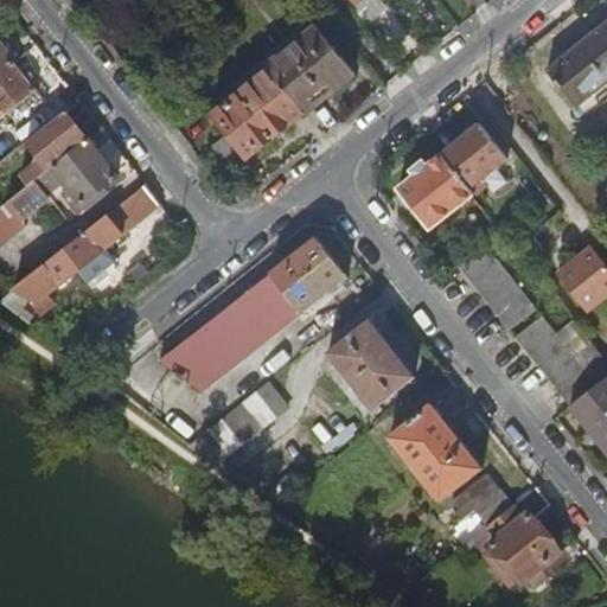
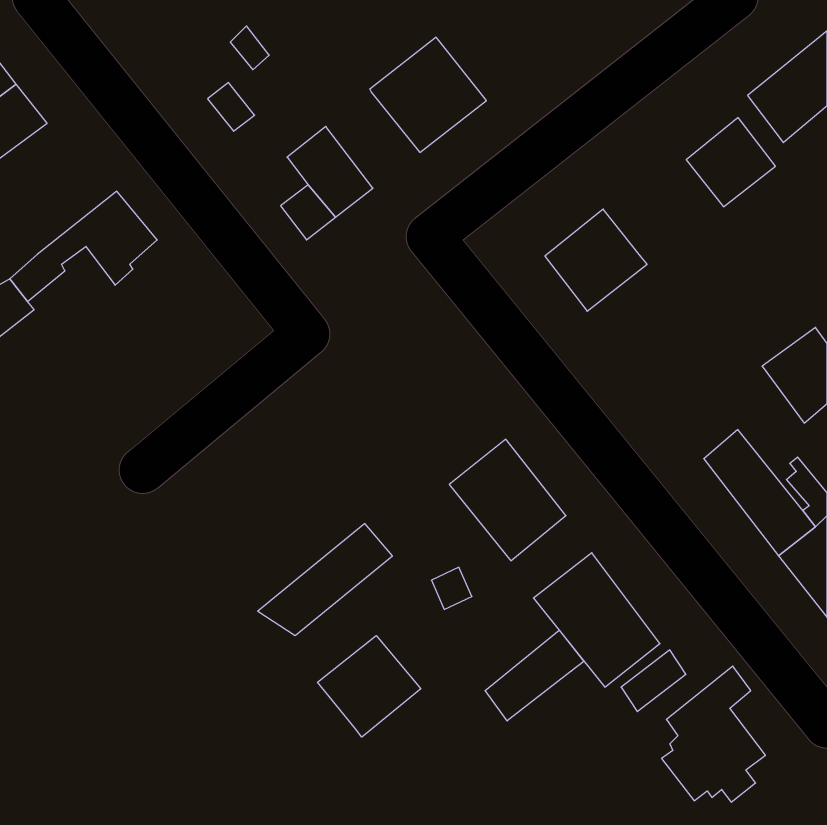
building: [238,68,307,138] -> none
building: [20,111,85,186] -> none
building: [441,122,506,187] -> [686,118,775,207]
building: [14,184,159,301] -> none
building: [160,236,345,390] -> none
building: [454,239,536,330] -> none
building: none -> [485,630,584,721]
building: none -> [318,636,421,737]

